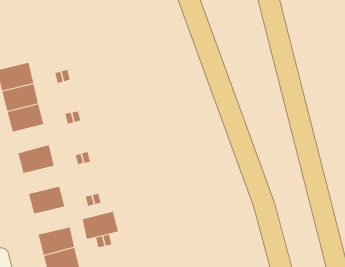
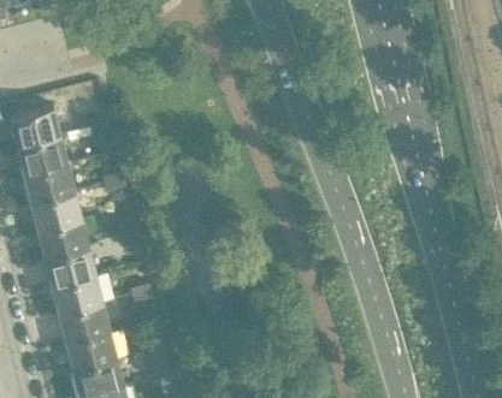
building: none -> [30,191,81,231]
building: none -> [45,248,95,286]
building: [82,211,119,239] -> [59,303,110,341]

